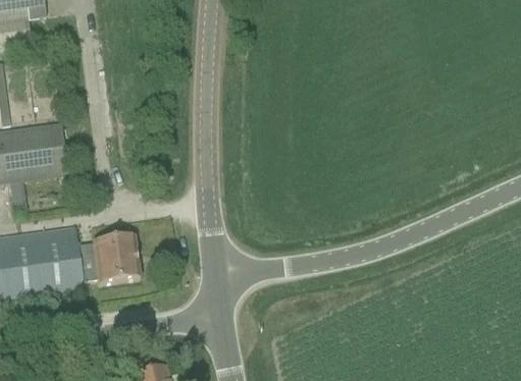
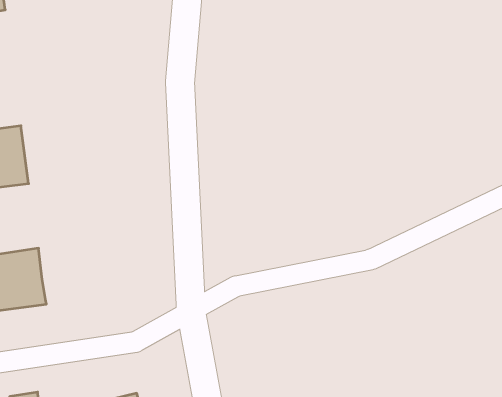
building: [79,231,138,277] -> none

